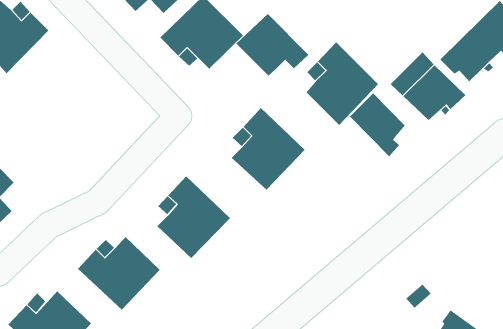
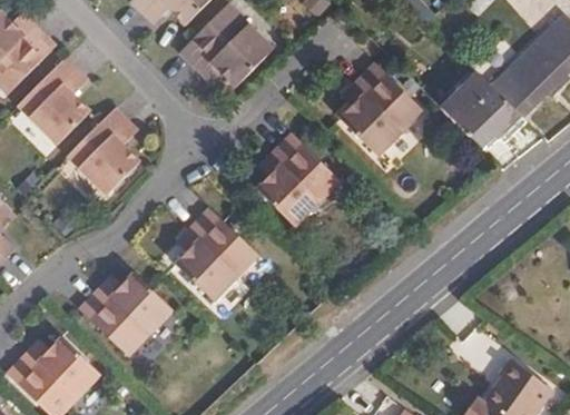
building: [236,13,309,76] -> none
building: none -> [18,57,91,145]
building: none -> [68,107,140,195]
building: [349,92,405,157] -> none

